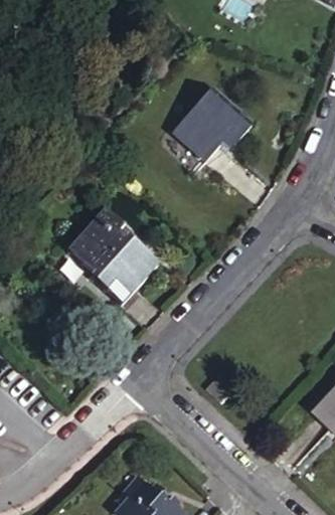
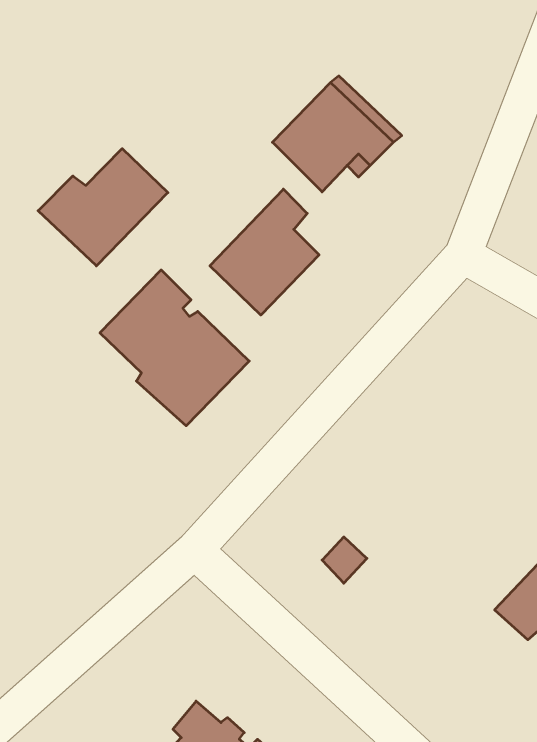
building: none -> [38,149,168,266]
building: none -> [210,189,319,315]

